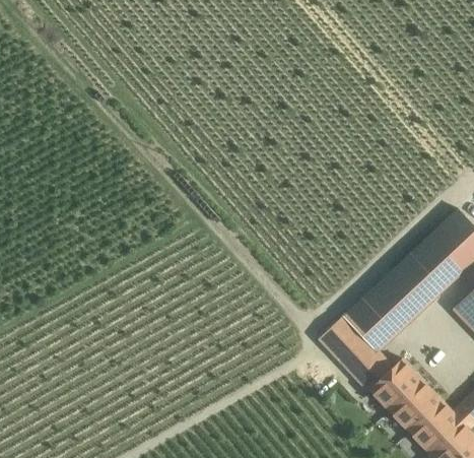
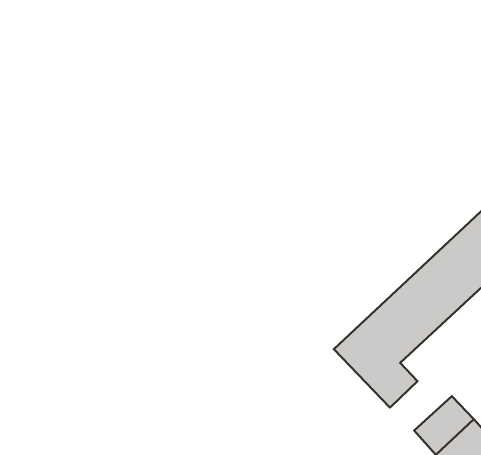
building: [369,358,423,411] -> none

